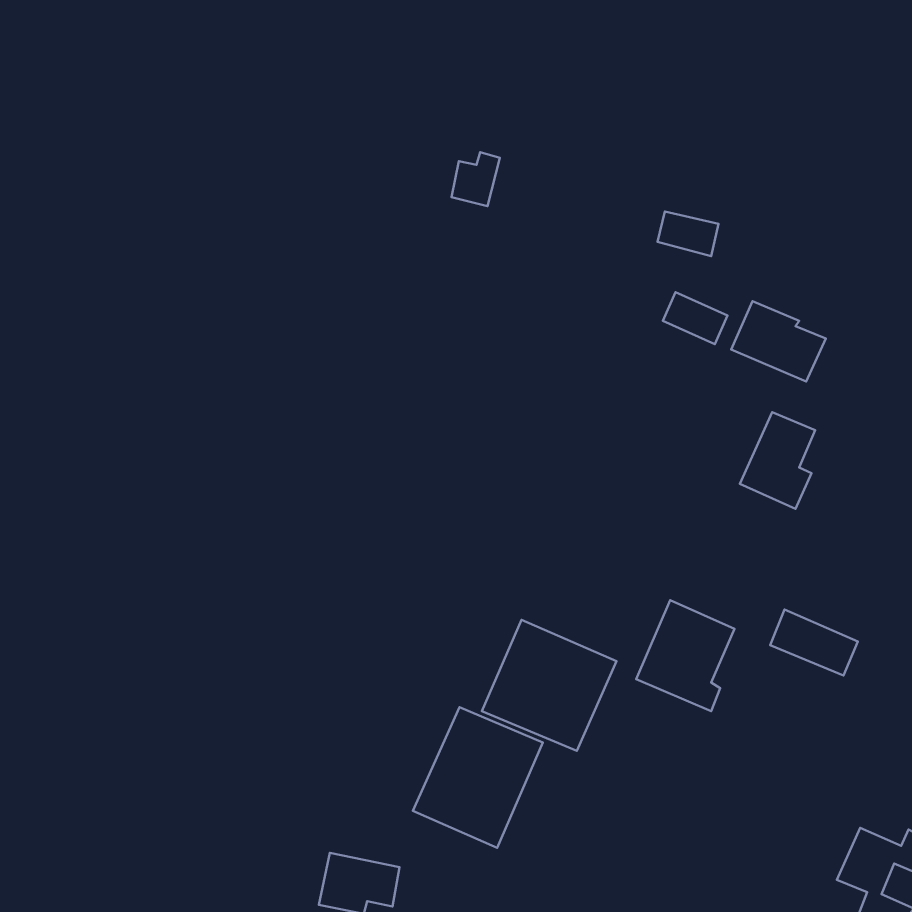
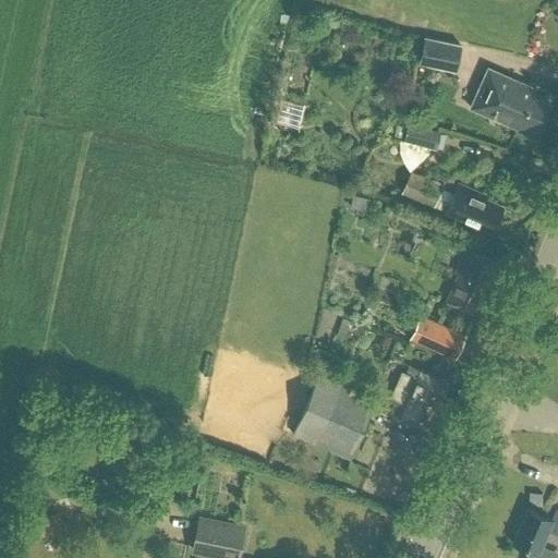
building: none -> [421,39,462,72]
building: none -> [472,69,550,137]
building: [770,609,858,676] -> [411,318,464,359]
building: [413,707,543,848] -> none

